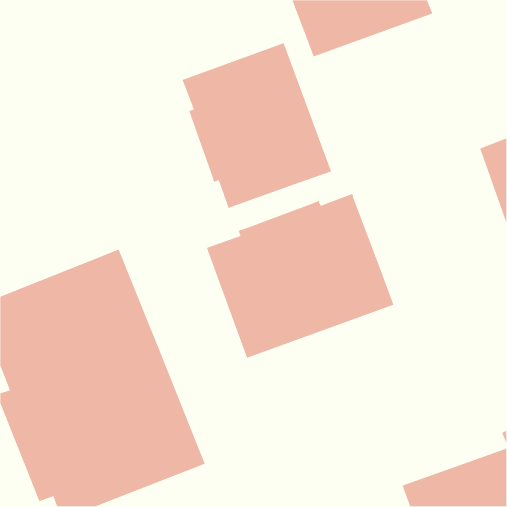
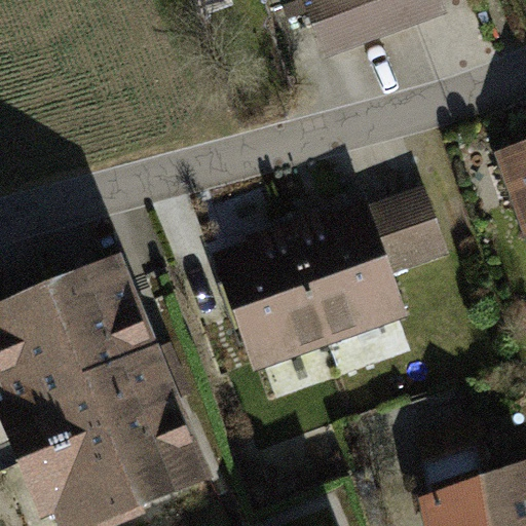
building: [182,42,332,209] -> none
building: none -> [366,182,450,274]

